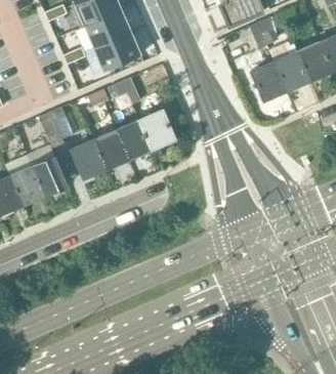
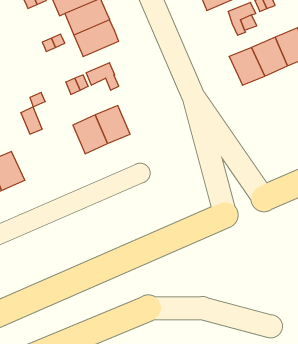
building: [138,110,174,149] -> none
building: [70,139,106,178] -> none
building: [32,156,67,195] -> none

